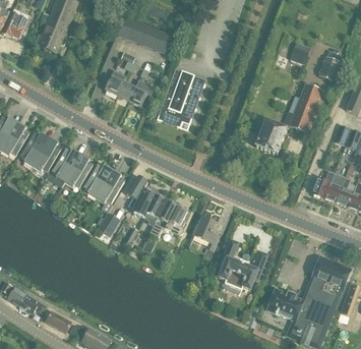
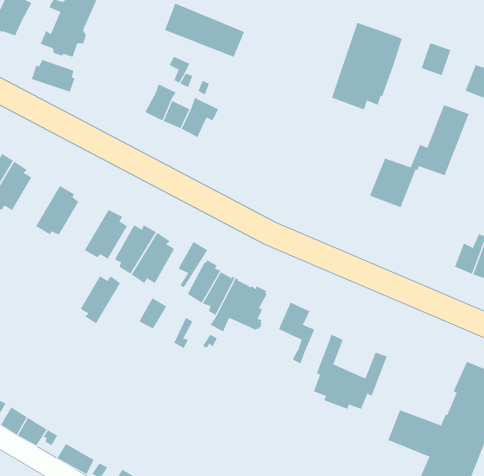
building: none -> [31,59,75,93]
building: [158,68,205,127] -> [331,22,402,110]
building: [20,133,48,166] -> none
building: [53,150,80,182] -> [80,275,121,324]

